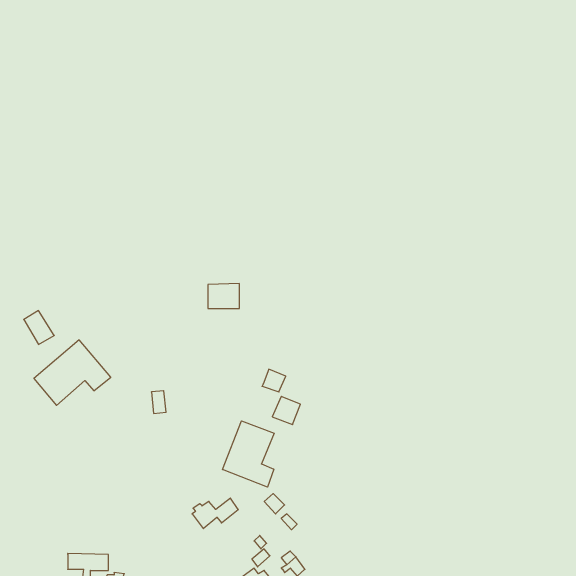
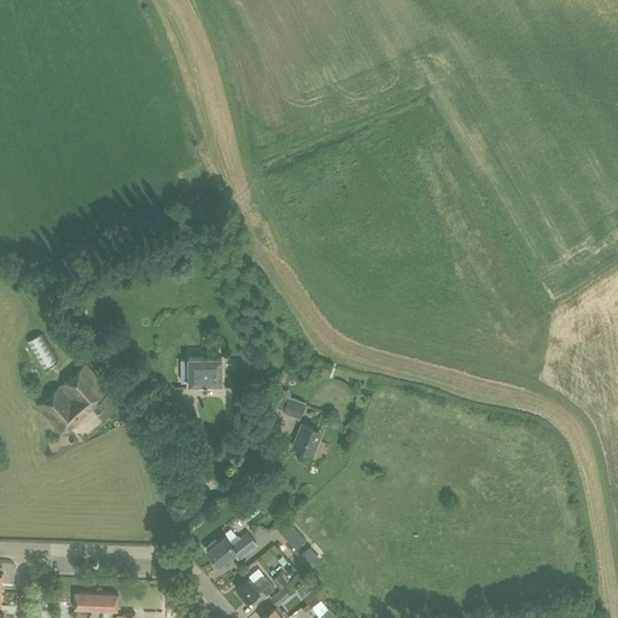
building: [208,284,239,308] -> [187,357,221,384]
building: [223,421,274,487] -> none
building: none -> [234,577,270,605]

